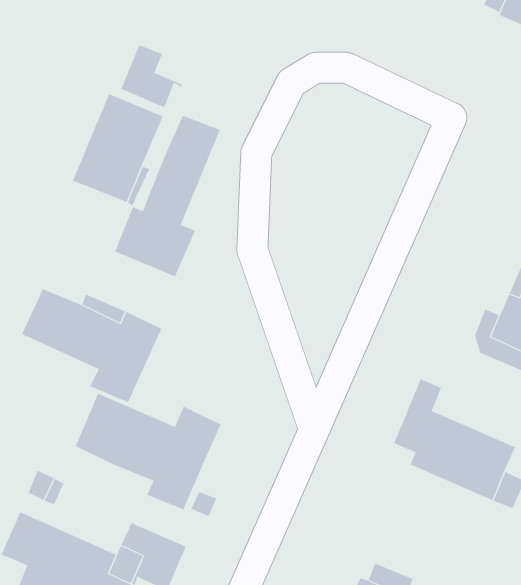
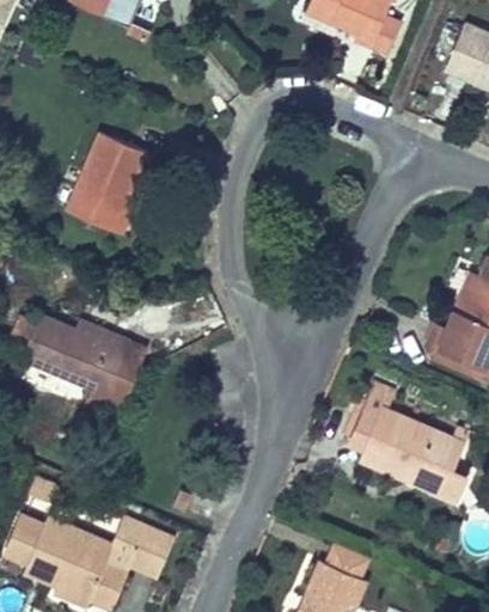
building: [120,44,183,108] -> none
building: [114,115,221,277] -> none
building: [75,393,221,510] -> none

